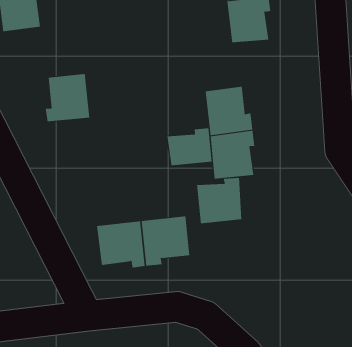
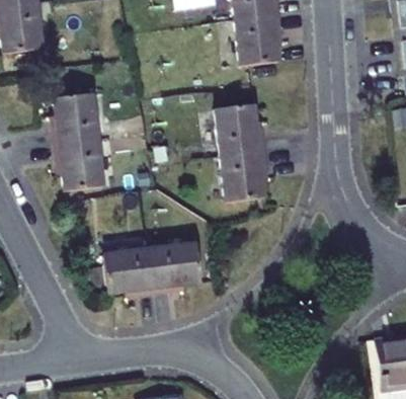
building: none -> [53,143,102,193]
building: [167,128,212,166] -> none
building: [197,177,242,224] -> none

